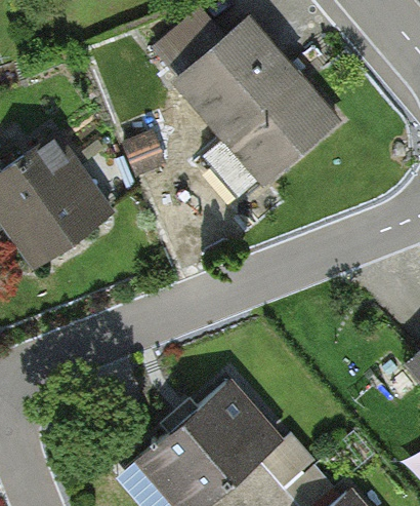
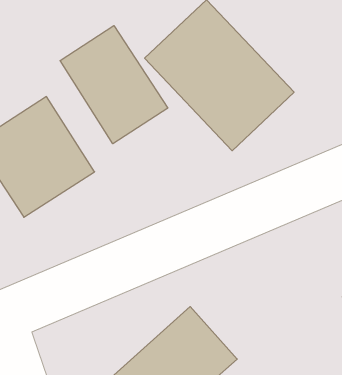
building: none -> [60,26,168,144]

